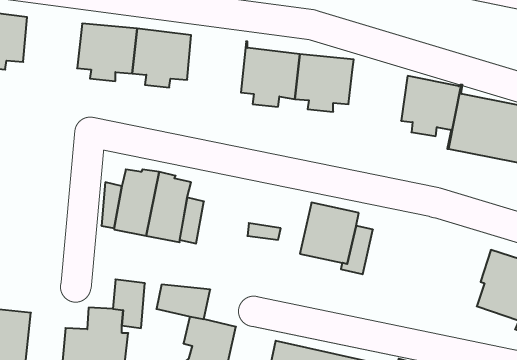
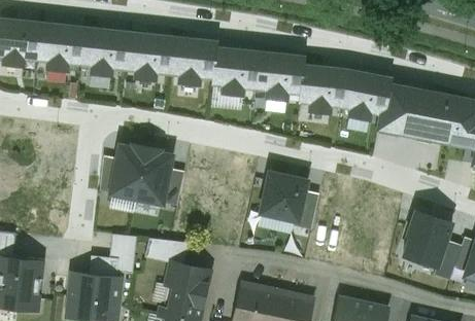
building: none -> [38,22,86,69]
building: none -> [170,36,217,83]
building: none -> [300,64,347,111]

